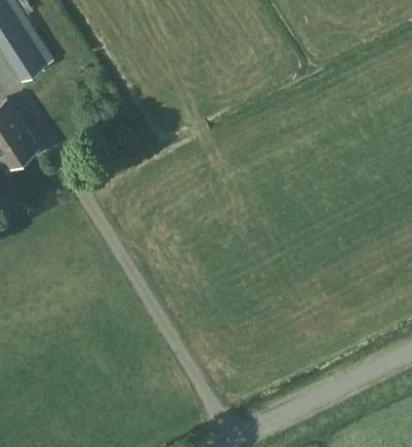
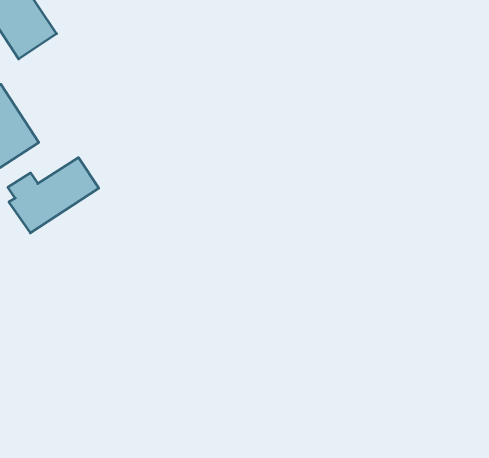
building: none -> [8,158,99,233]

